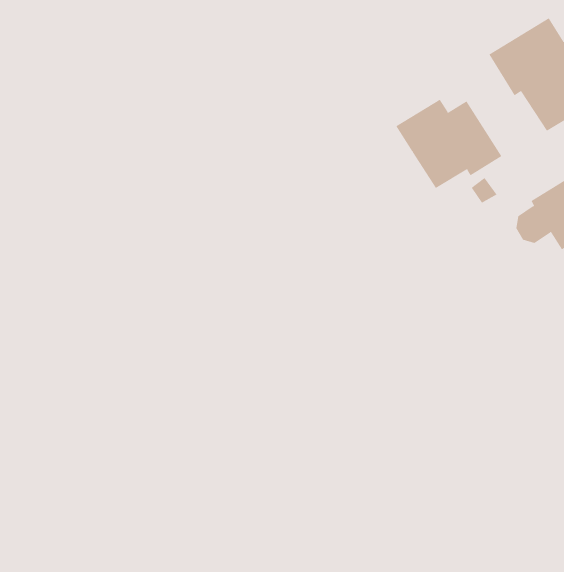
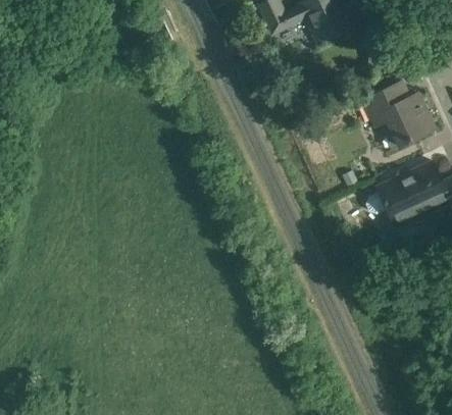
building: [395,99,502,189] -> none

